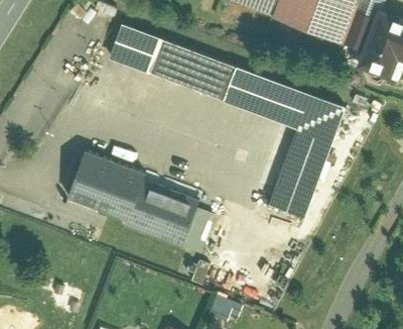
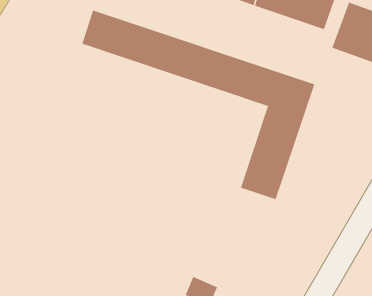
building: [70,151,226,251] -> none

